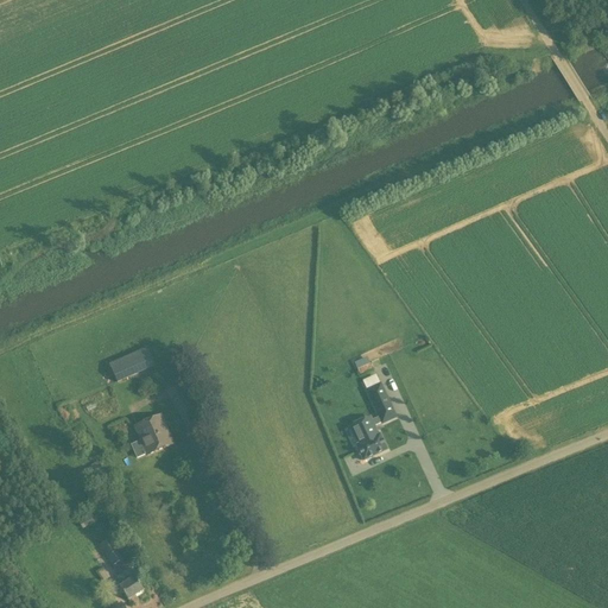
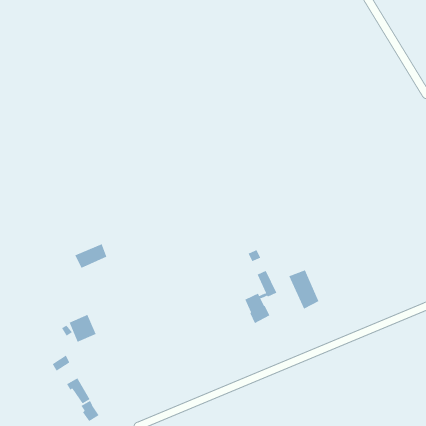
building: none -> [289,270,319,309]
building: [132,413,171,454] -> [69,314,96,343]

